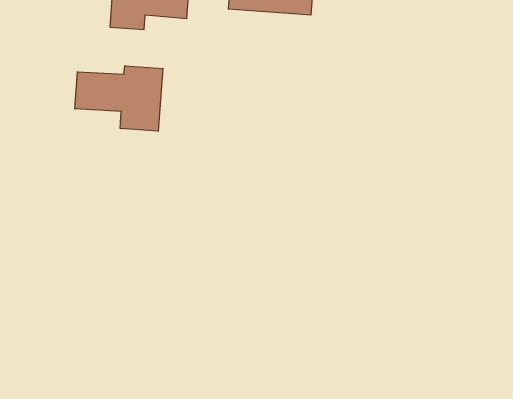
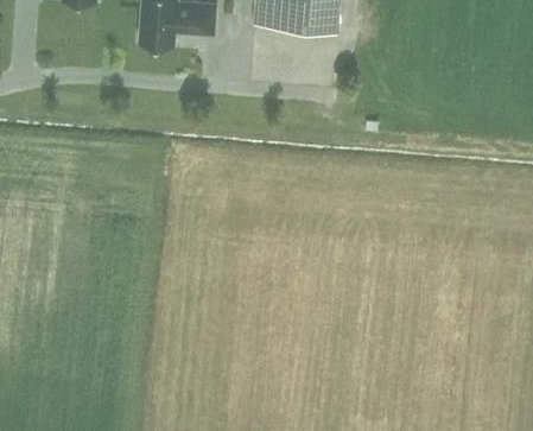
building: [75,66,163,131] -> none

